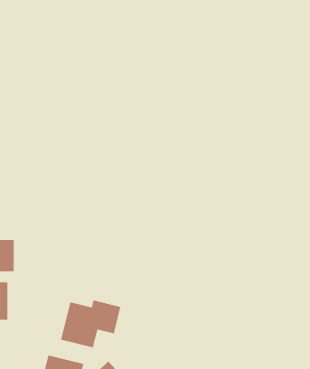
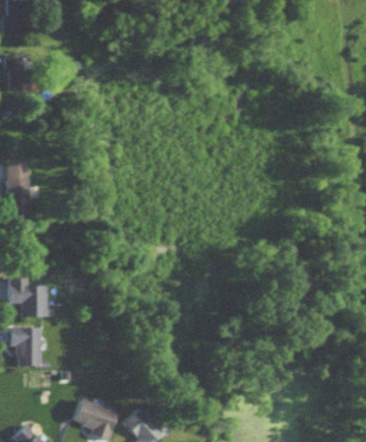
building: [60,300,121,348] -> none

